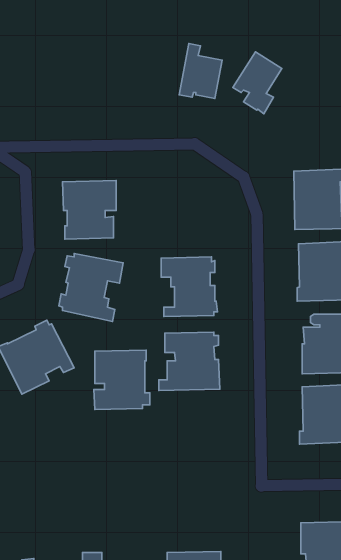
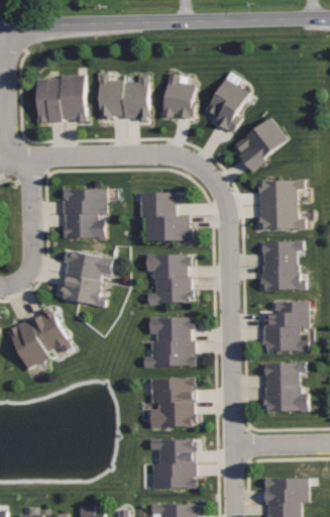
building: none -> [98,72,149,121]
building: none -> [36,76,86,122]
building: none -> [233,116,287,173]
building: none -> [140,192,191,240]
building: [94,350,150,410] -> [150,378,198,428]
building: none -> [149,438,196,488]

